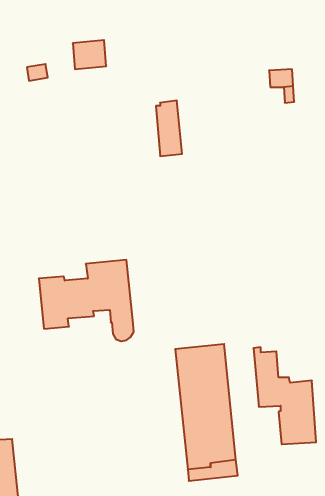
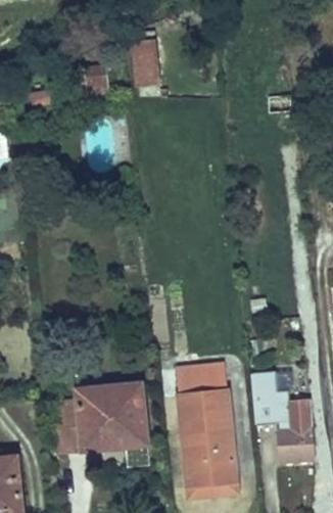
building: [156,101,182,156] -> [133,32,158,86]
building: [39,260,134,341] -> [55,384,148,464]

